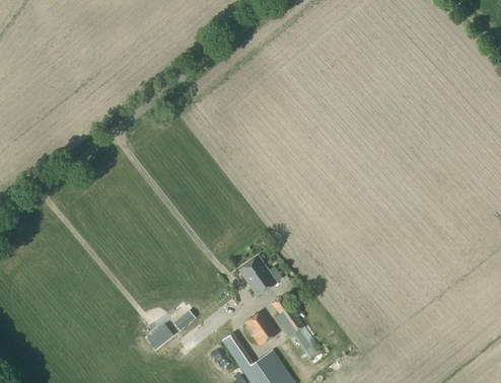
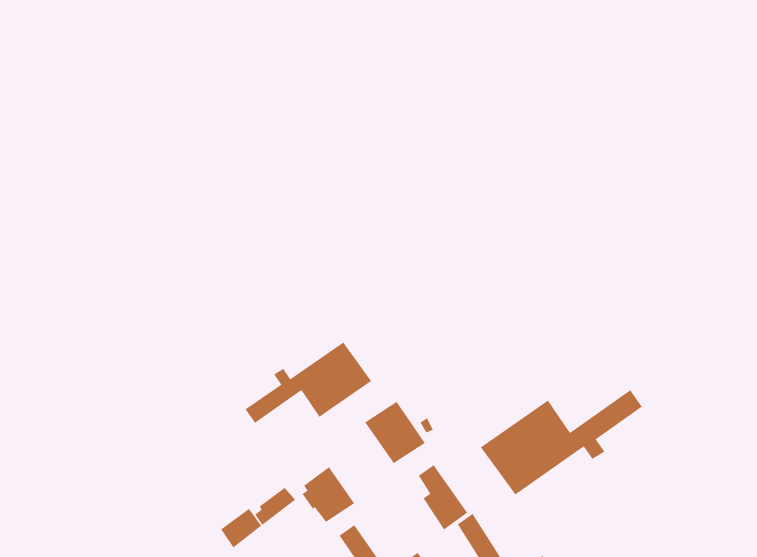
building: none -> [245,341,372,424]
building: none -> [480,389,643,495]
building: [243,310,277,346] -> [302,466,355,523]

